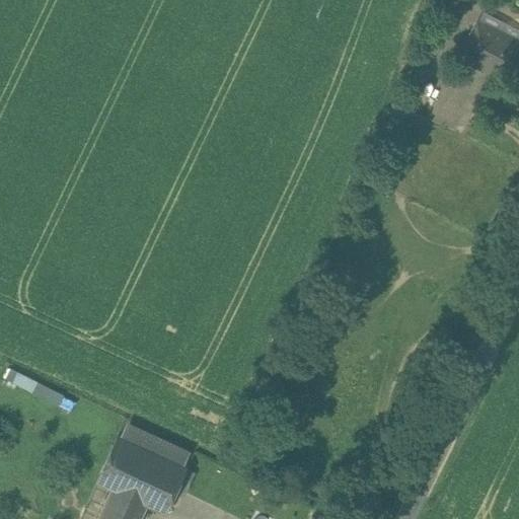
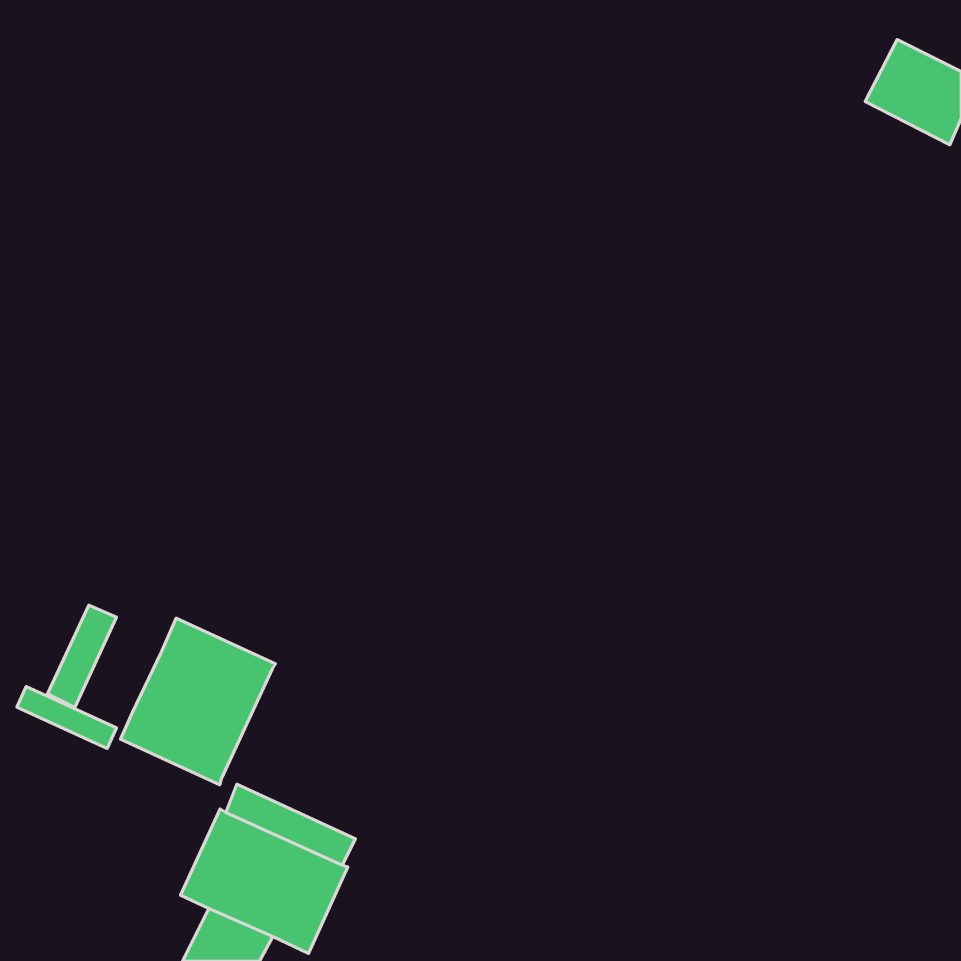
building: none -> [47,605,116,708]
building: none -> [121,618,276,785]

